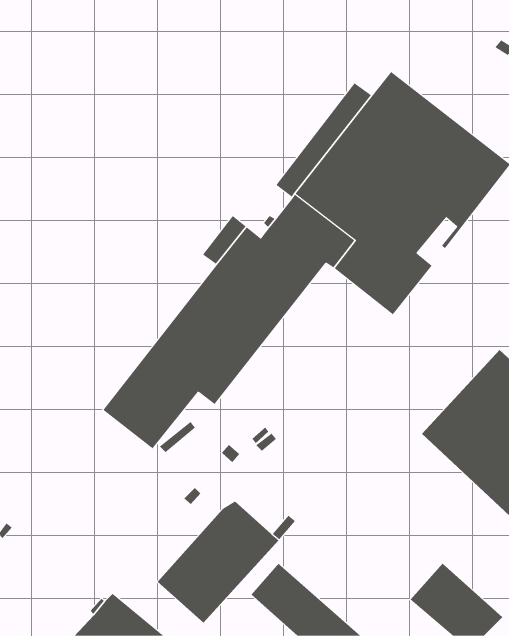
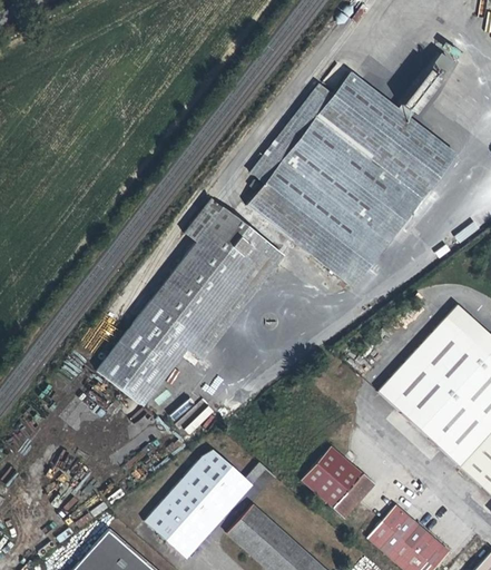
building: none -> [375,200,410,243]
building: none -> [304,446,375,517]

